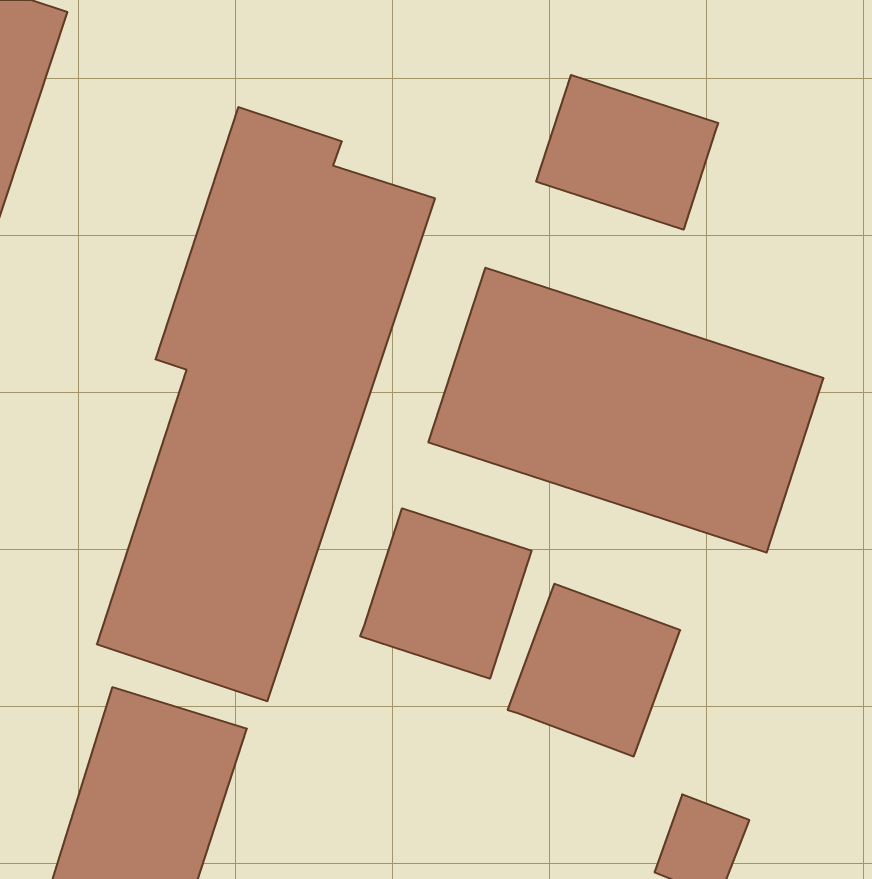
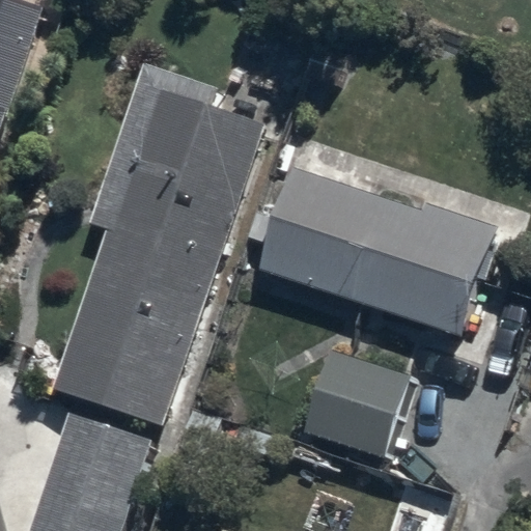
building: [536,75,718,230] -> none
building: [360,508,532,679] -> none

